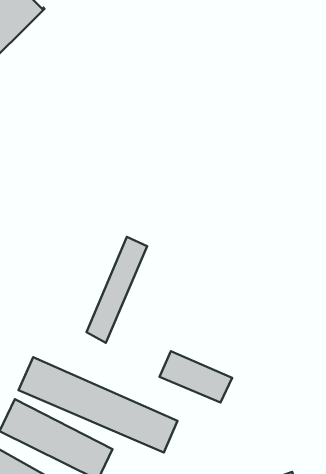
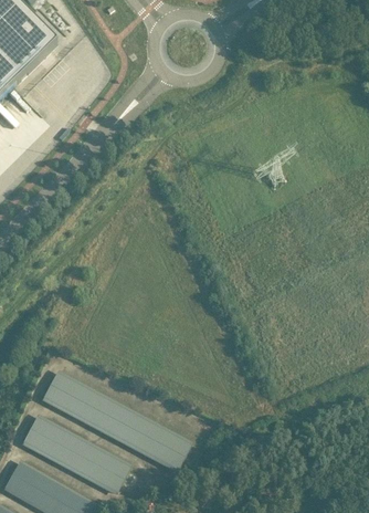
building: [86,237,147,343] -> none
building: [159,351,232,402] -> none

